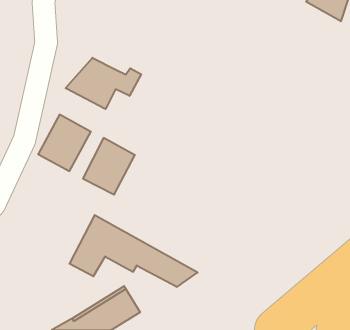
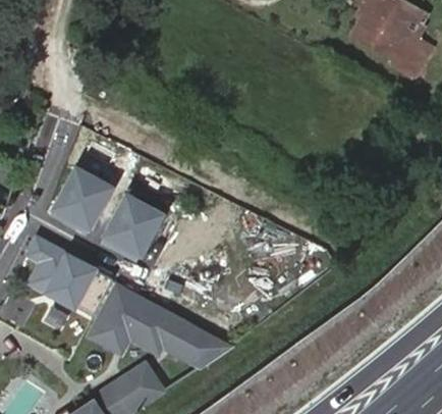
building: [66,58,141,109] -> none
building: none -> [26,238,112,316]

